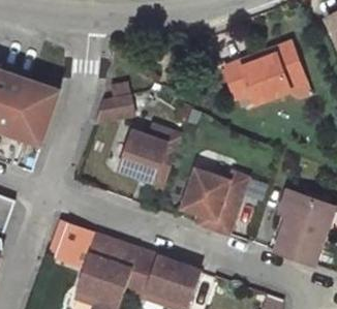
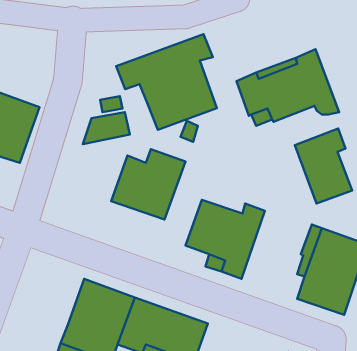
building: none -> [116,34,217,130]
building: none -> [295,129,352,204]
building: [45,221,96,272] -> none

